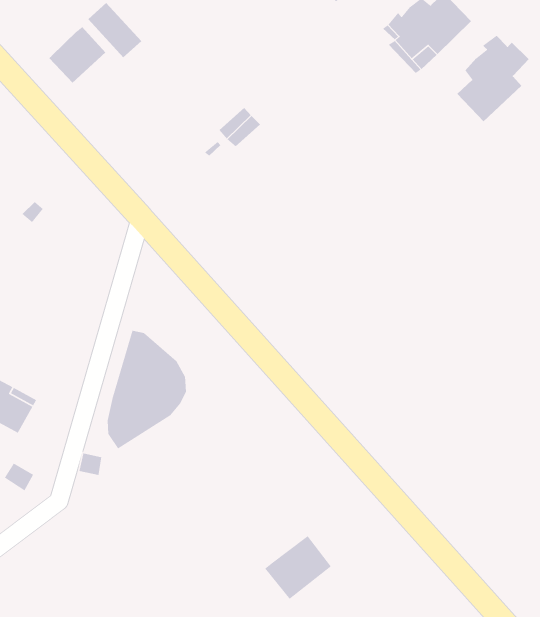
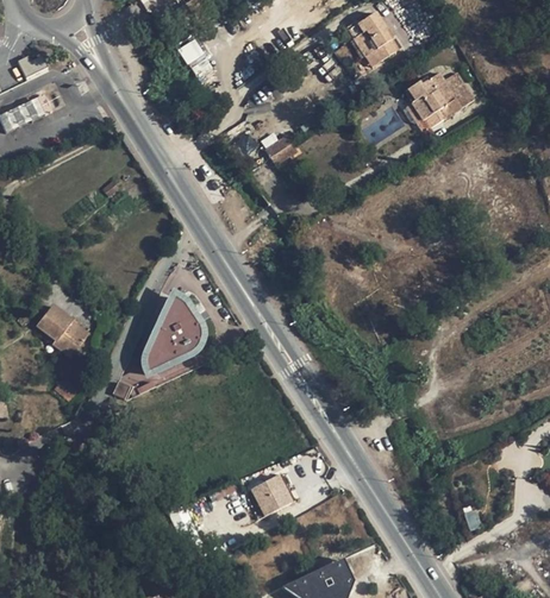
building: [48,26,106,83] -> none
building: [456,35,529,122] -> none

